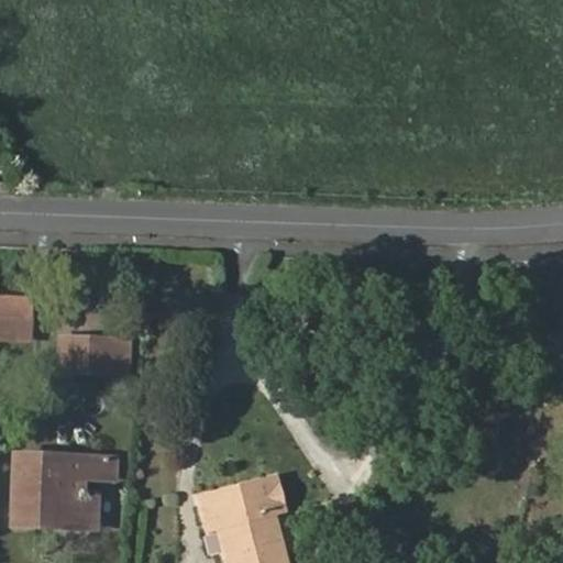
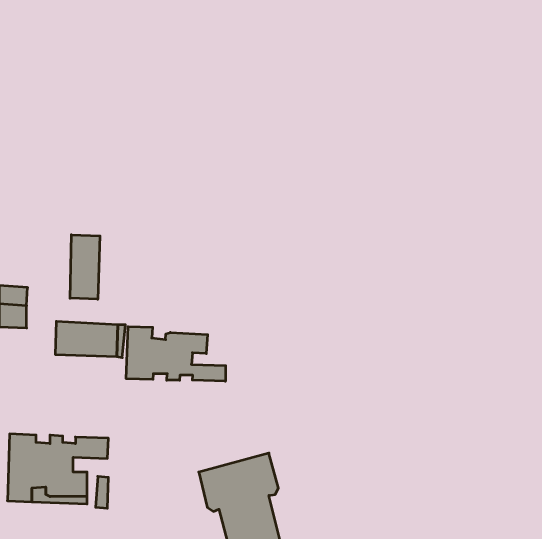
building: none -> [70,235,100,299]
building: none -> [126,327,226,381]

